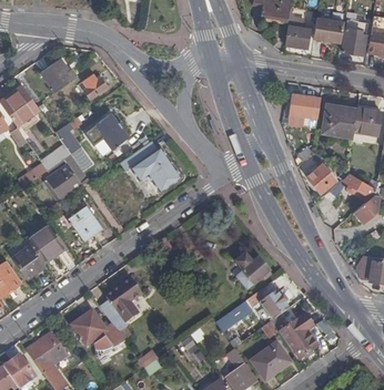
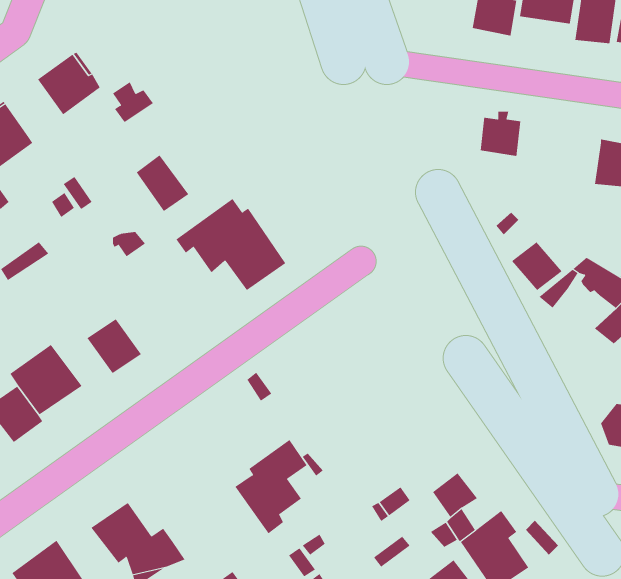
building: [323,103,357,136] -> none
building: [48,154,88,197] -> none
building: [230,254,269,289] -> none
building: [99,279,140,332] -> [235,439,308,534]

